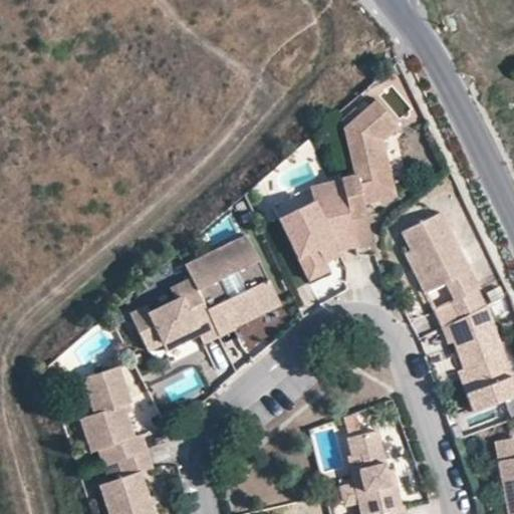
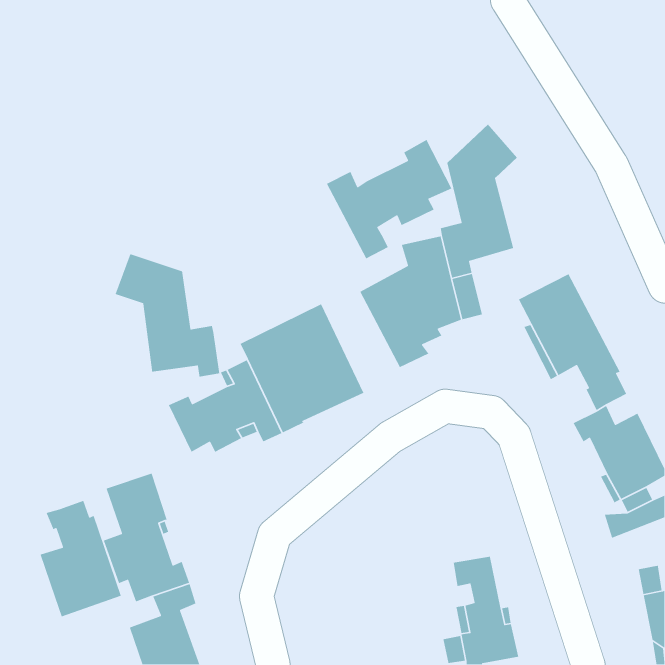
building: none -> [326,139,452,260]
building: none -> [115,253,220,378]
building: none -> [39,500,122,617]

